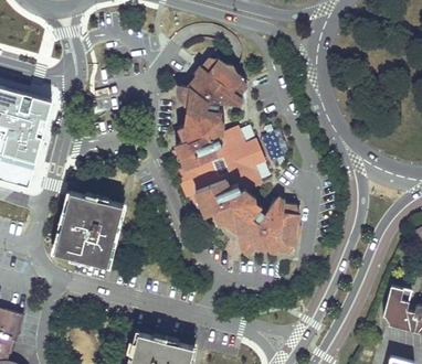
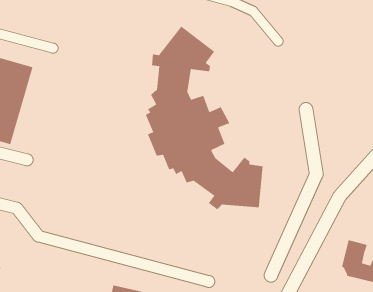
building: [53,194,120,266] -> none

